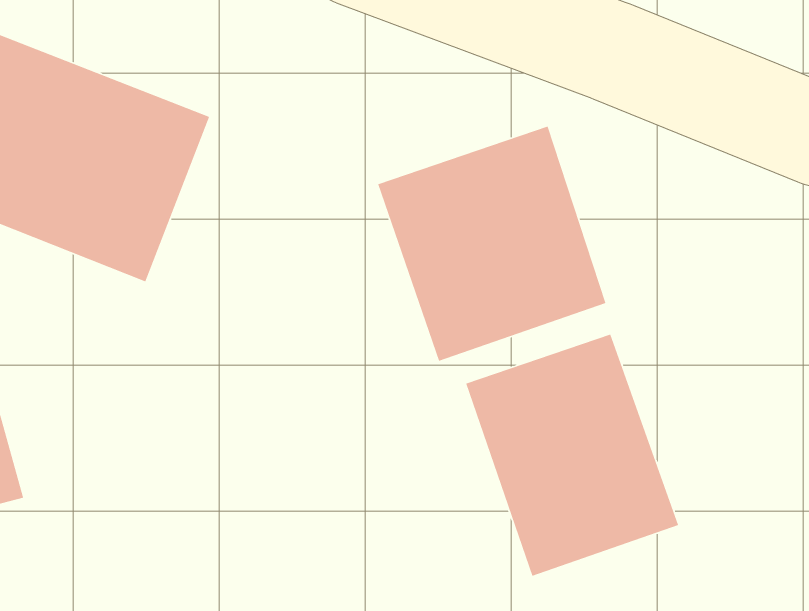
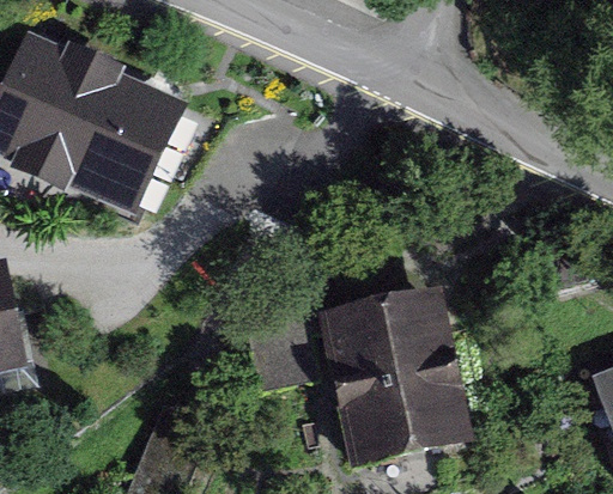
building: [377,126,607,362] -> none

